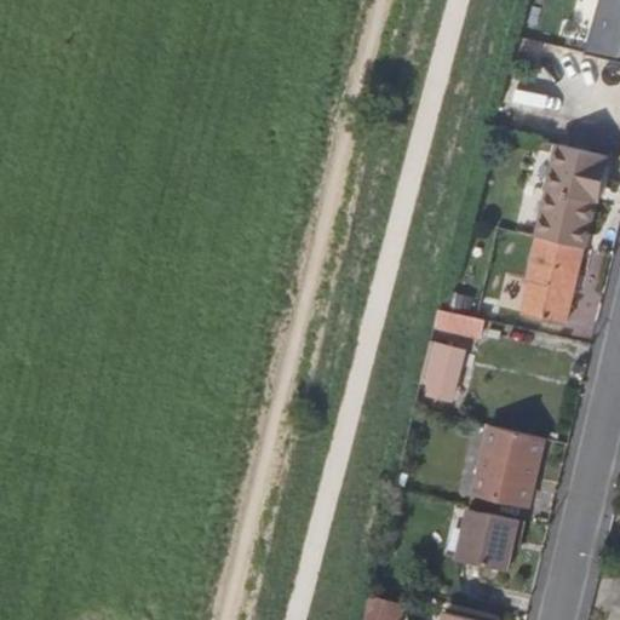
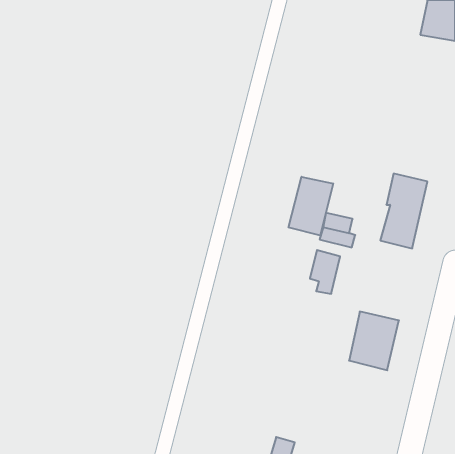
building: [535,147,607,248] -> none
building: none -> [289,177,333,235]
building: [454,506,523,570] -> none

